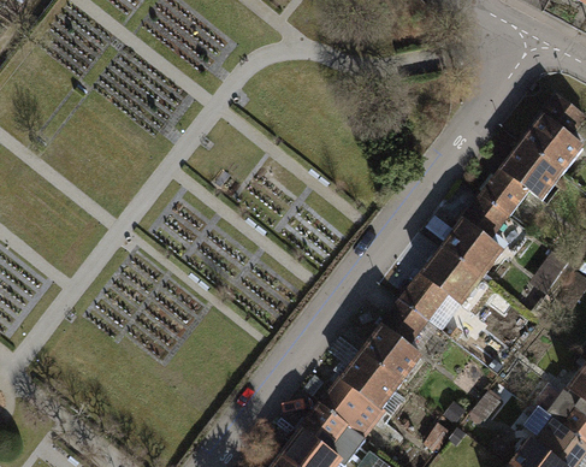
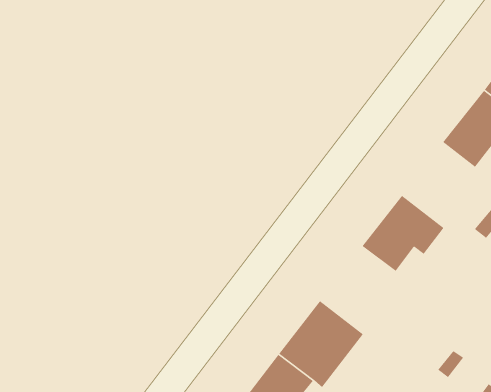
building: [452,183,525,267] -> none
building: [372,285,446,372] -> none

